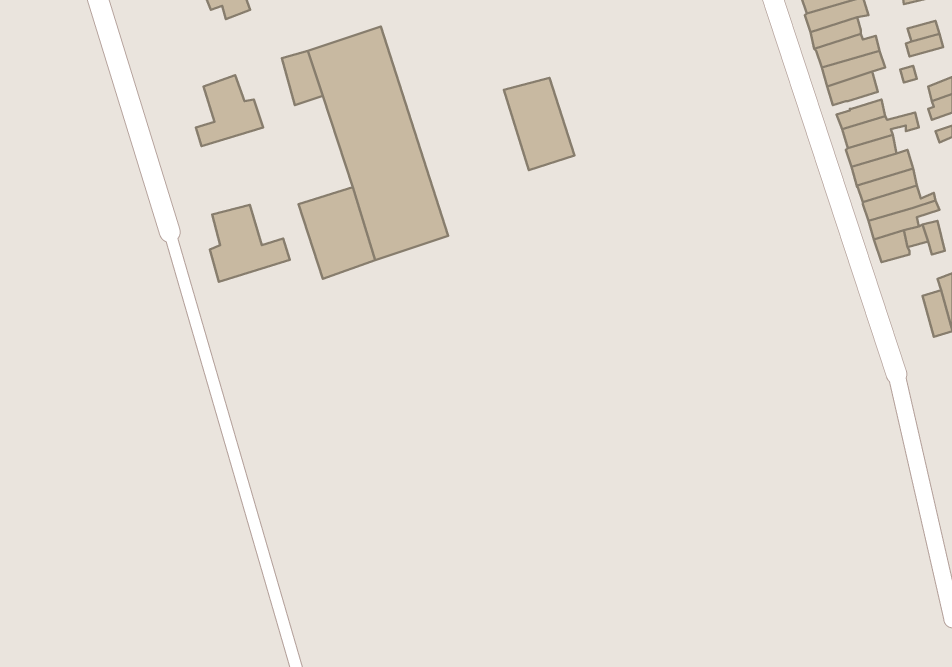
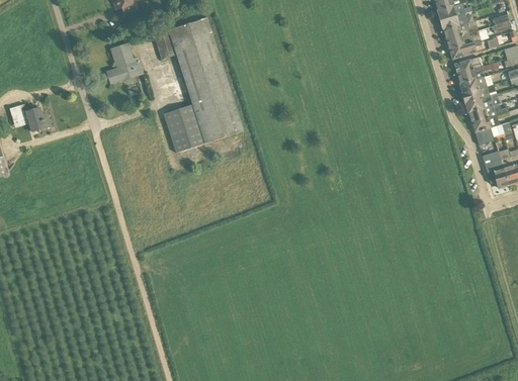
building: [504,78,575,170] -> none
building: none -> [8,103,52,131]
building: [210,205,290,282] -> none
building: none -> [479,146,506,187]

